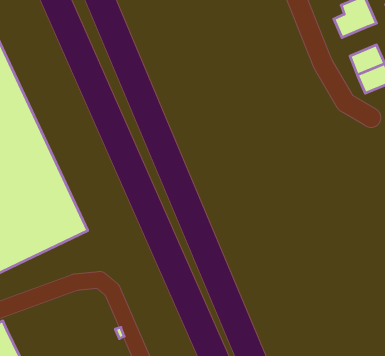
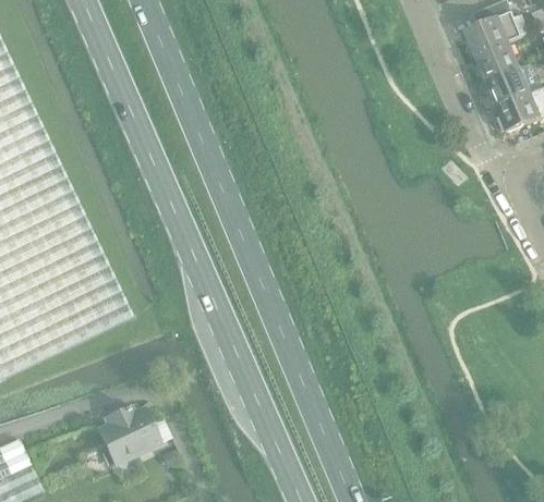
building: none -> [473,41,520,82]
building: none -> [96,405,158,464]

